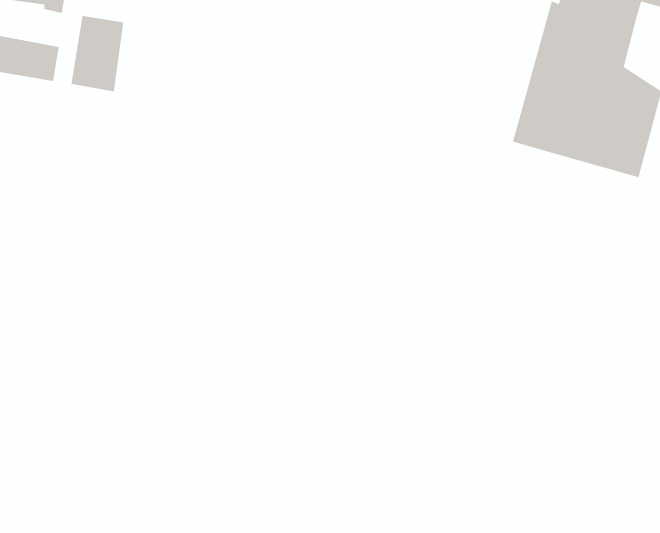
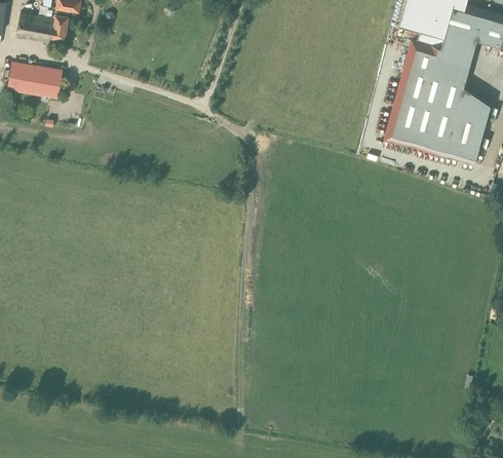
building: [71,15,124,92] -> none

